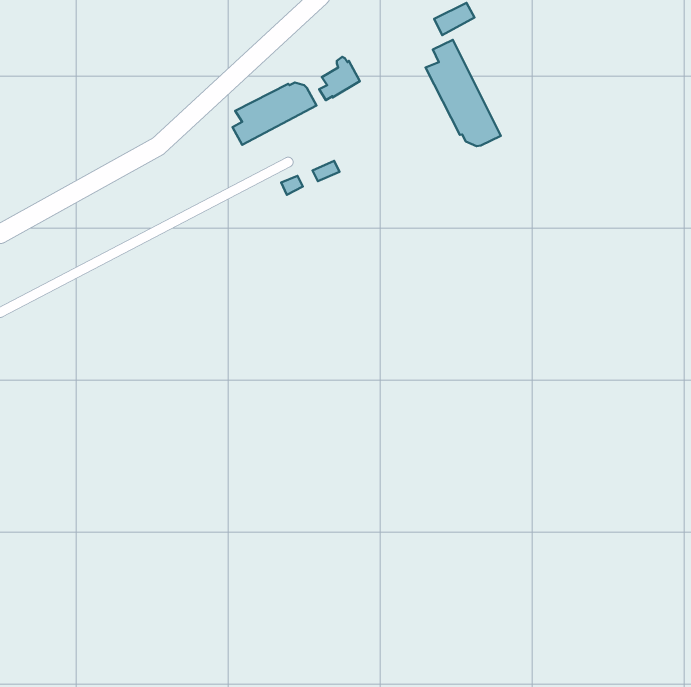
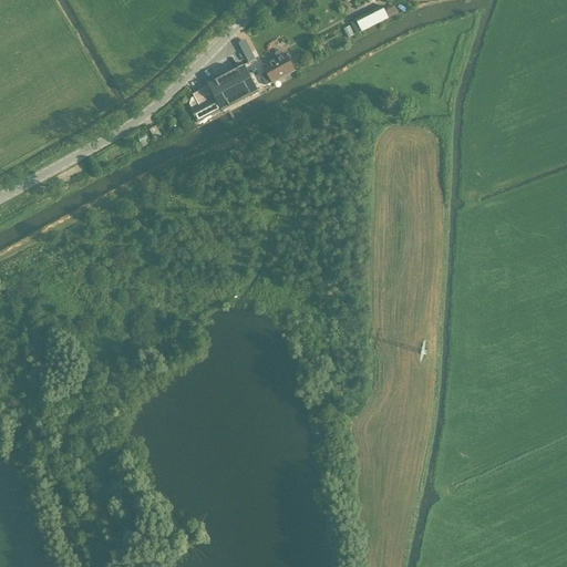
building: [425,40,501,146] -> none

